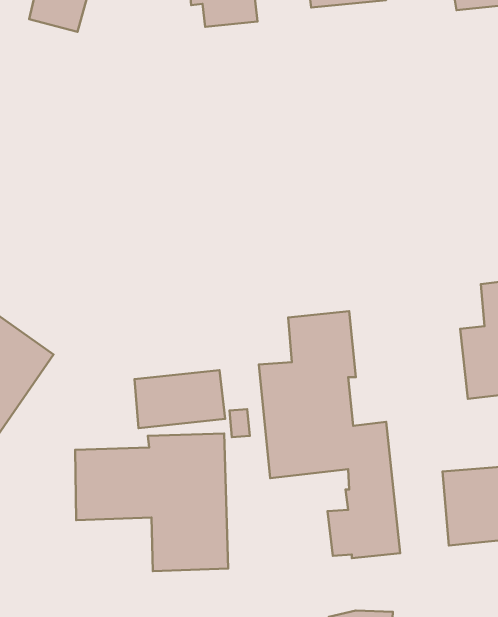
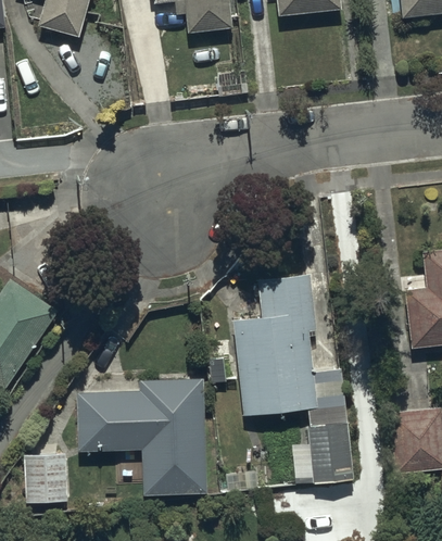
building: [134,370,225,428] -> none
building: none -> [24,453,68,503]

